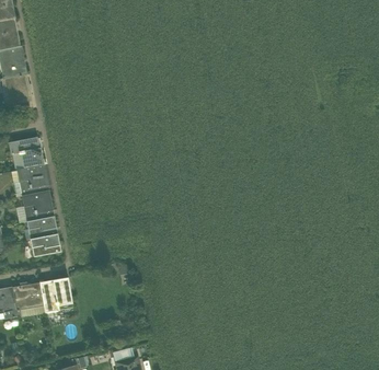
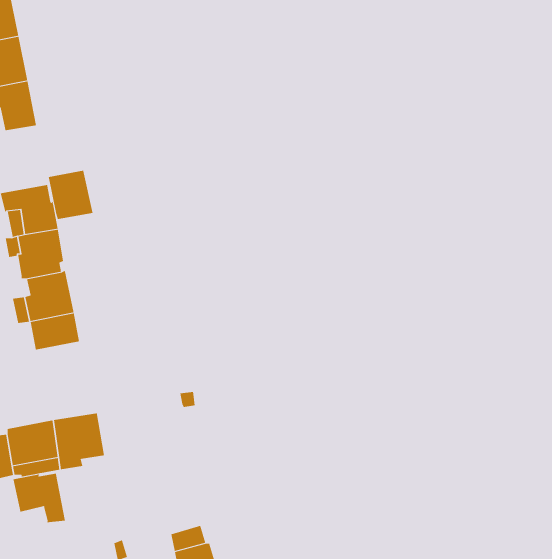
building: none -> [48,170,93,220]
building: [30,232,61,256] -> none
building: none -> [13,473,66,523]

